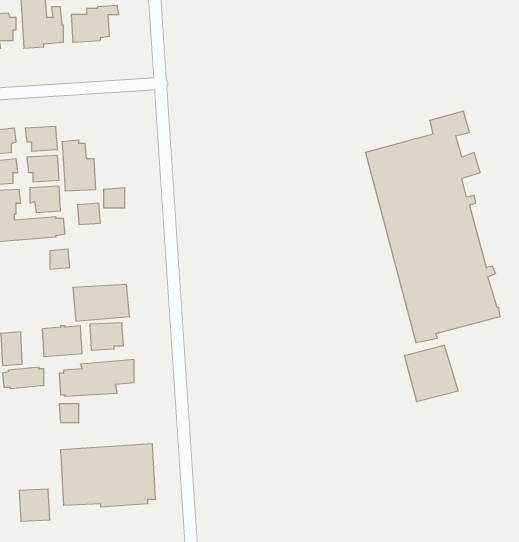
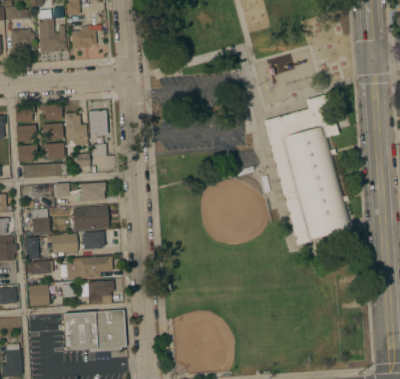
building: none -> [89,110,107,135]
building: none -> [80,183,105,202]
building: none -> [32,210,50,234]
building: [404,345,458,402] -> none
building: none -> [81,281,114,304]
building: [19,489,50,521] -> [29,285,49,306]

